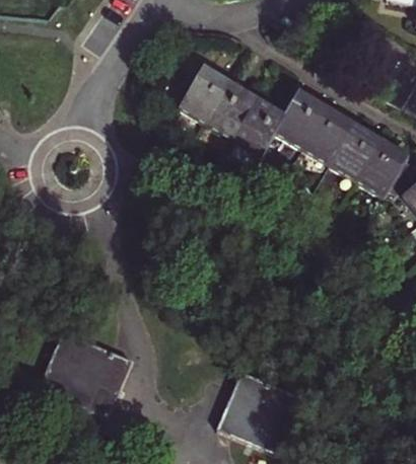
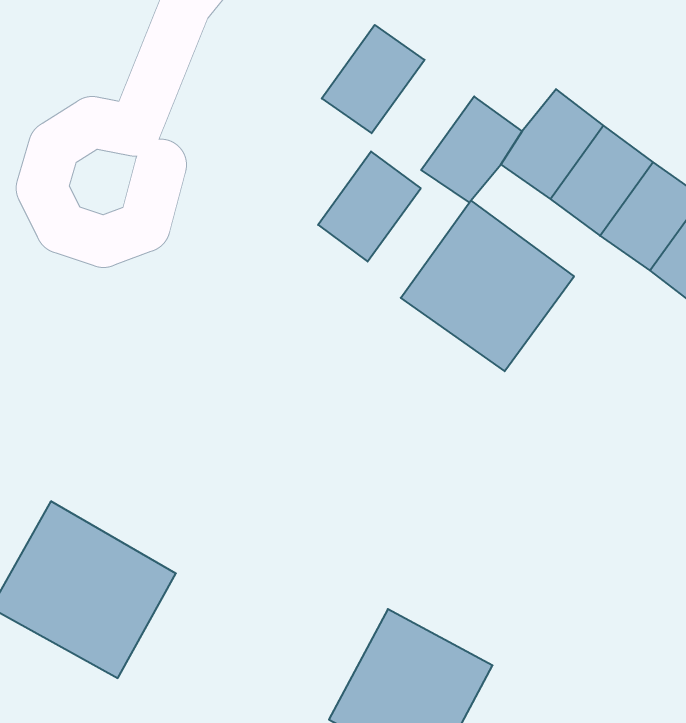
building: [208,84,259,141] -> [318,151,421,262]
building: none -> [401,200,574,371]

